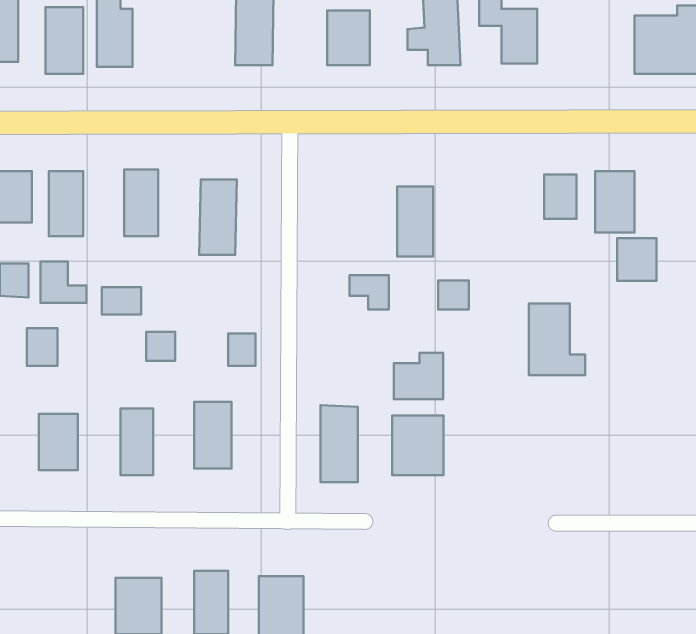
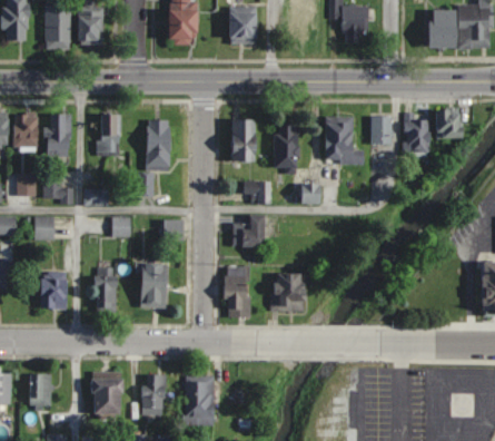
building: none -> [231,118,256,160]
building: [617,238,657,281] -> [437,109,463,137]
building: [529,303,585,375] -> [326,116,363,163]
building: [394,353,443,399] -> [232,216,265,246]
building: none -> [29,374,50,410]

